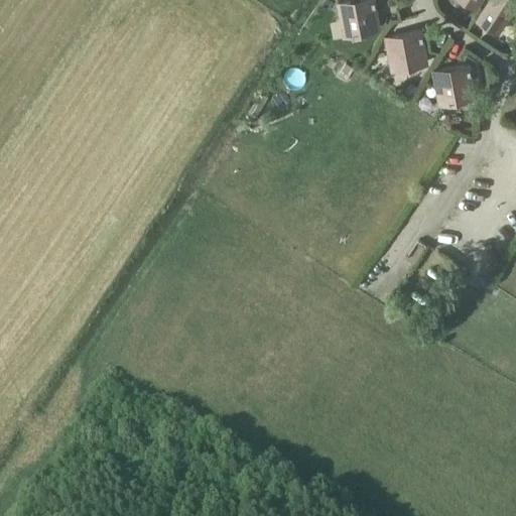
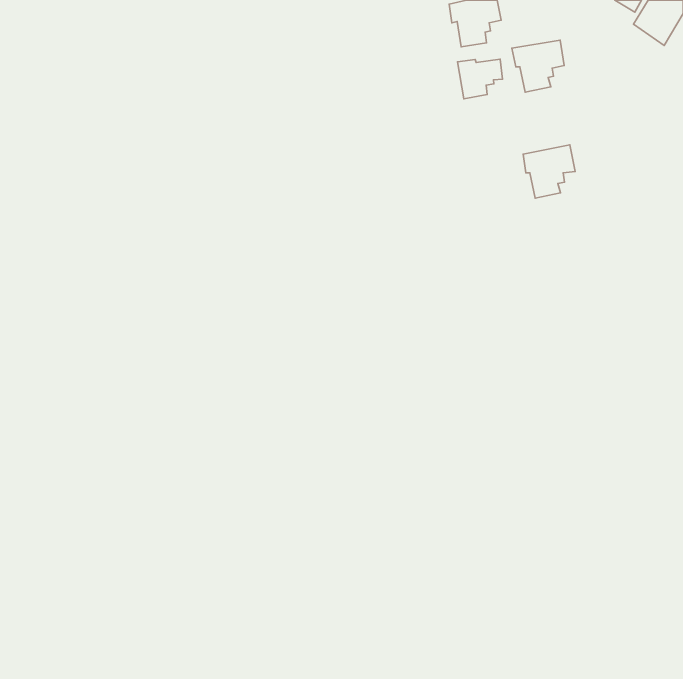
building: none -> [458,59,502,99]
building: [434,67,474,107] -> [523,145,575,198]

